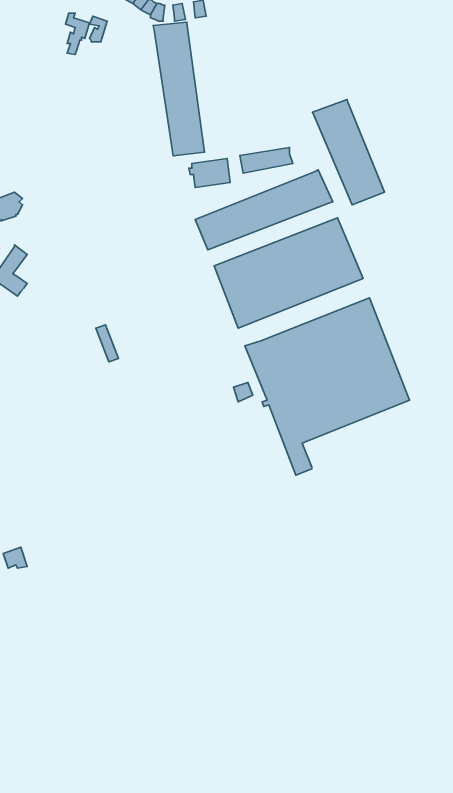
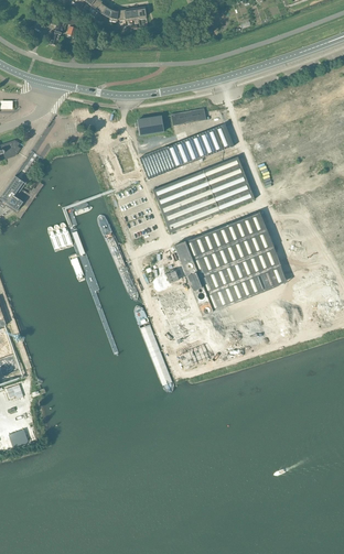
building: [153,22,205,156] -> none
building: [313,99,384,205] -> none

